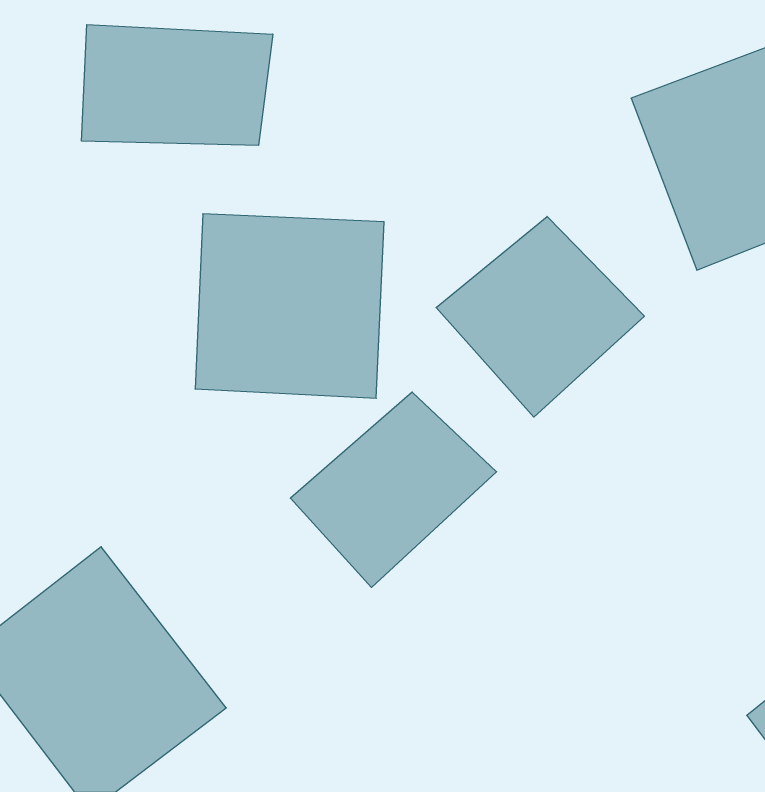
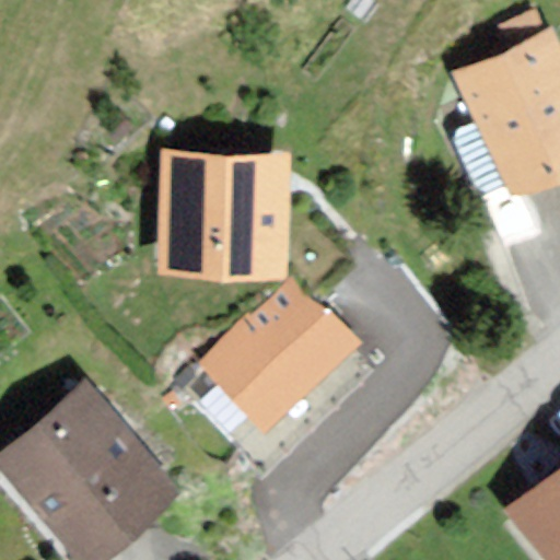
building: [82,25,273,145] -> none
building: [436,216,644,417] -> none

